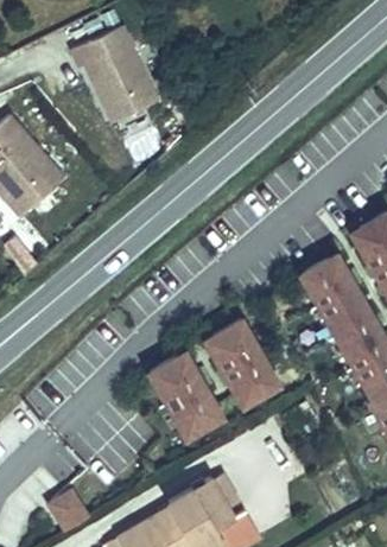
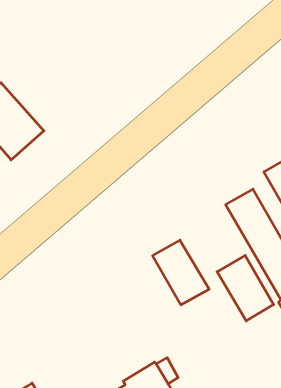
building: [70,25,158,123] -> none
building: [148,352,222,438] -> [217,255,274,321]

